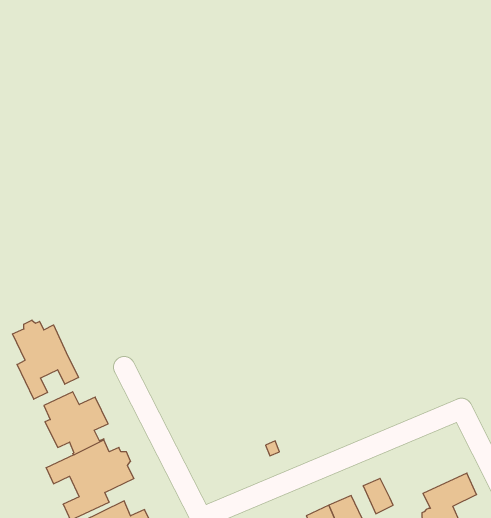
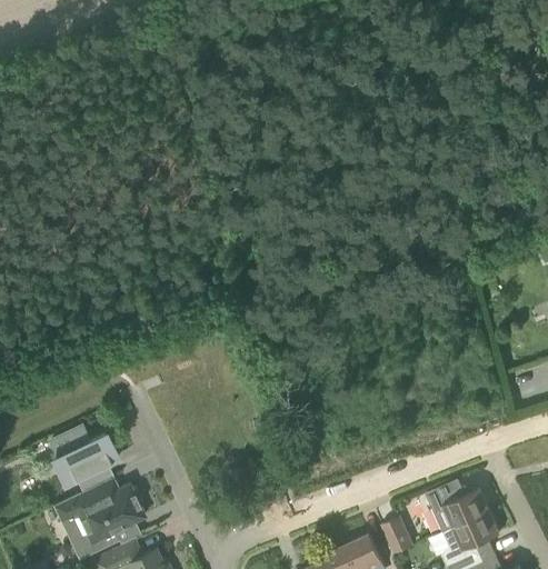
building: [13,320,78,399] -> none
building: none -> [430,490,490,535]

